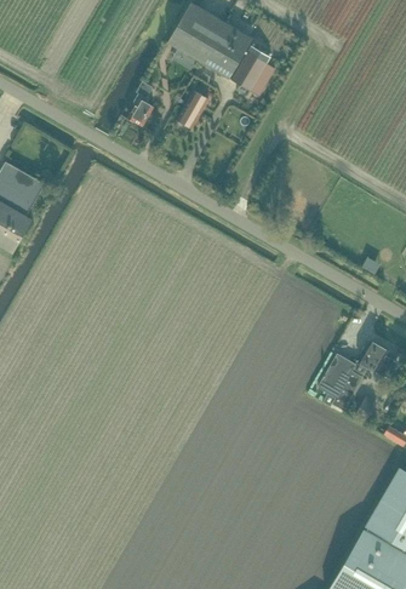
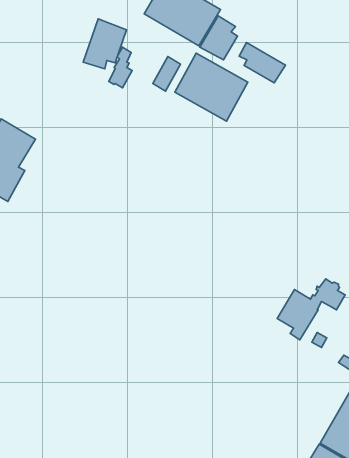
building: none -> [83,19,127,69]
building: none -> [239,42,286,83]
building: none -> [175,53,248,121]

